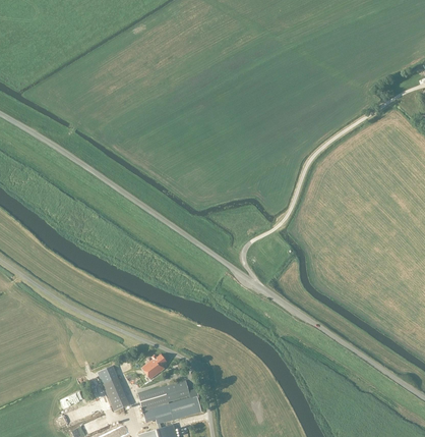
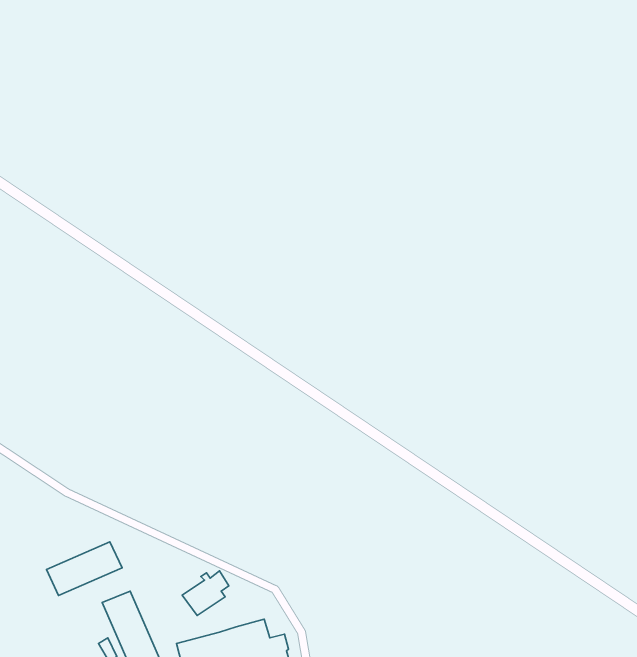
building: none -> [46,542,122,595]

